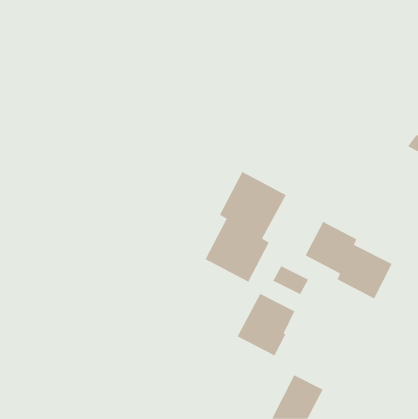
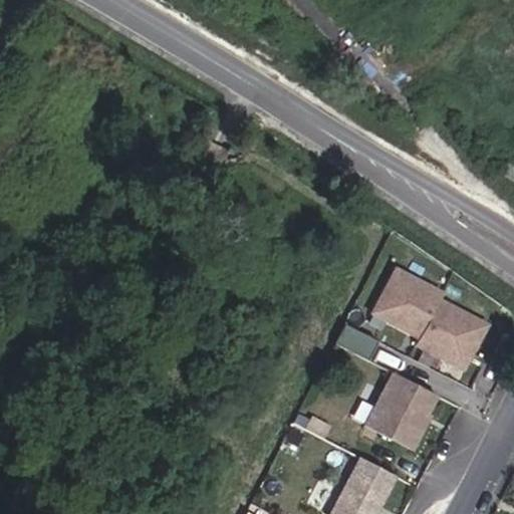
building: [205,171,287,282] -> none
building: [237,293,295,356] -> [365,372,437,450]

